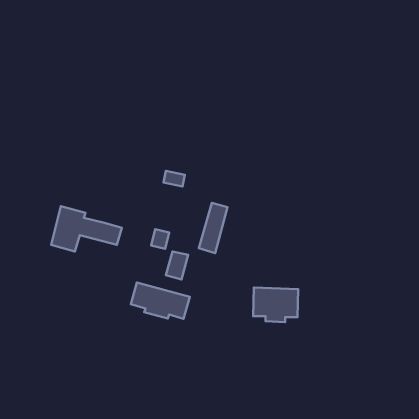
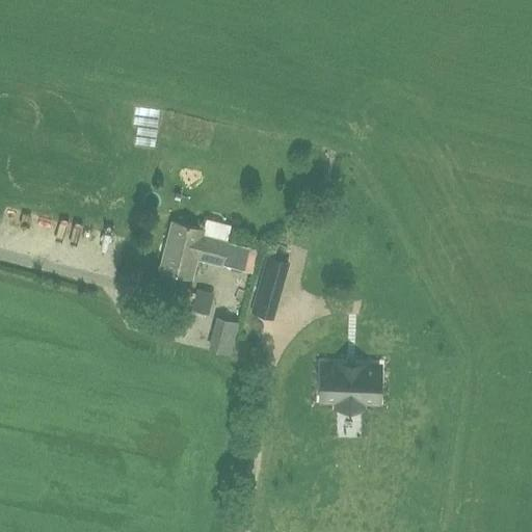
building: [51,206,122,251] -> [159,222,248,280]
building: [131,283,190,319] -> none

